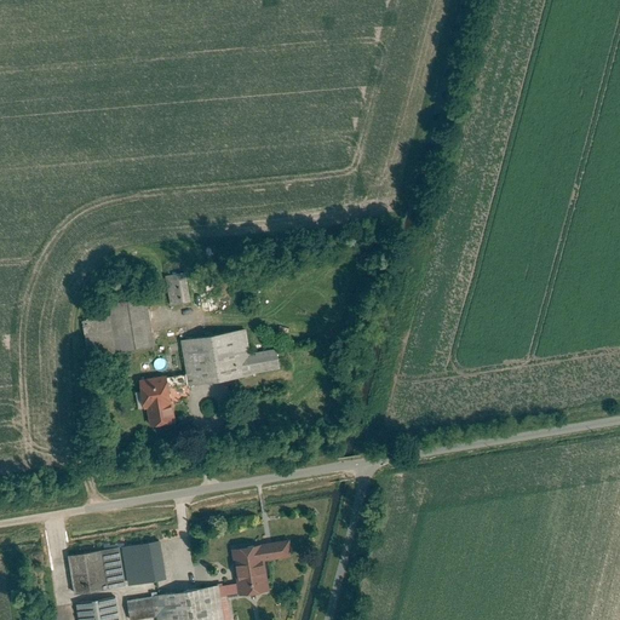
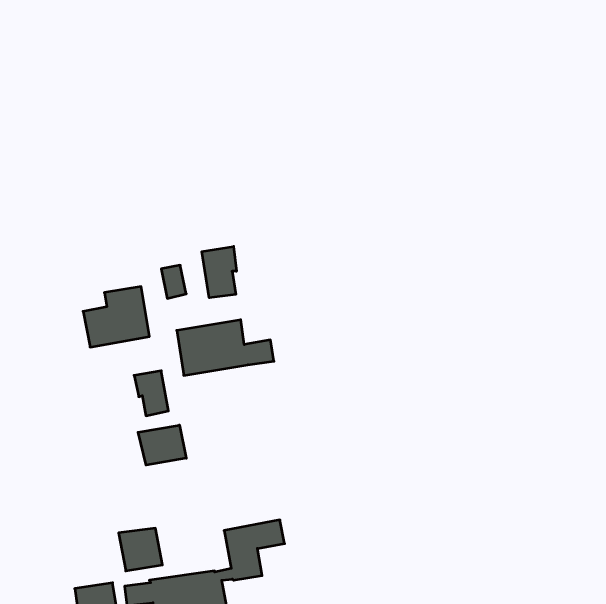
building: none -> [202,246,236,298]
building: none -> [138,425,186,465]
building: [68,547,125,595] -> none

